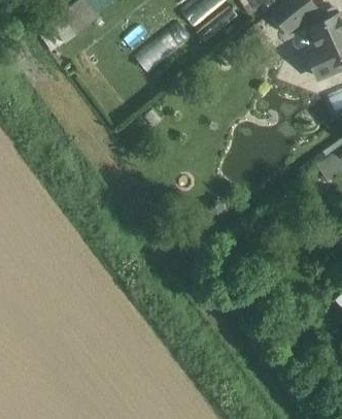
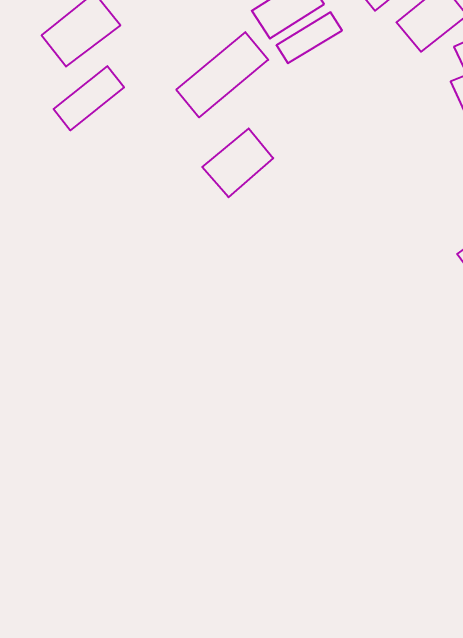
building: none -> [54,66,124,130]
building: none -> [202,128,273,197]

